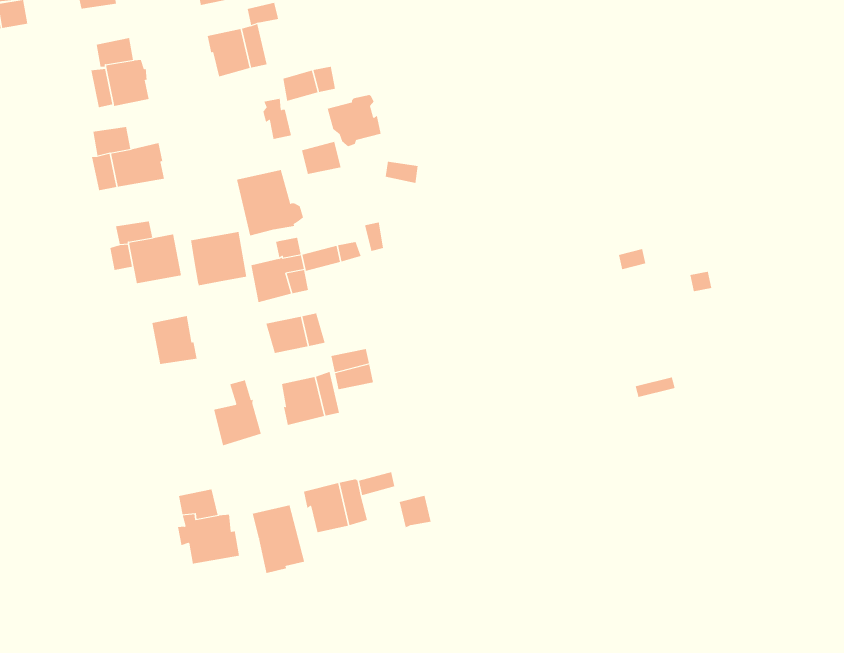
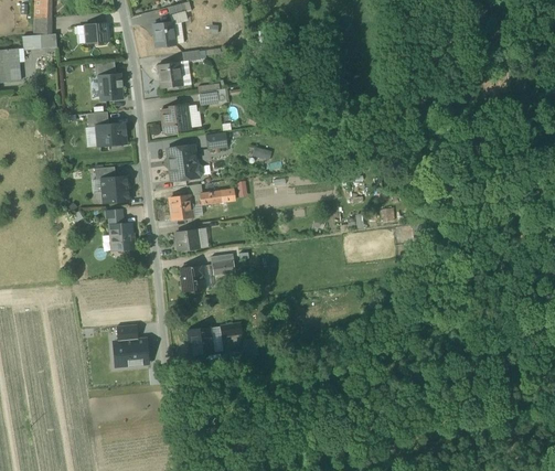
building: [327,95,381,147] -> [160,104,190,132]
building: [190,231,247,286] -> none
building: [214,379,261,446] -> none
building: [252,504,305,574] -> none

